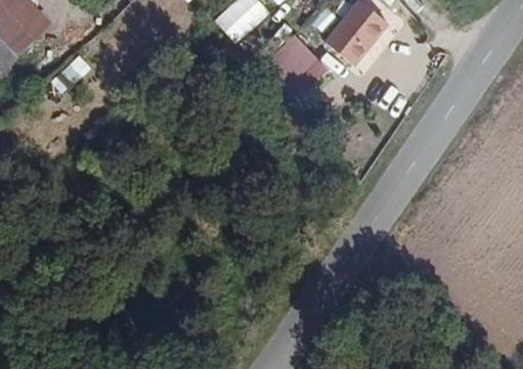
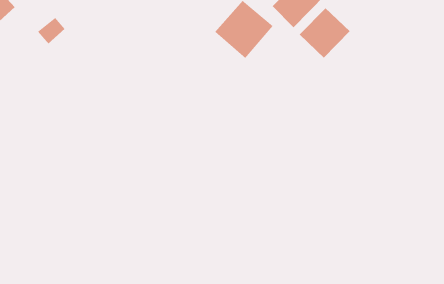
building: none -> [299,7,350,58]

